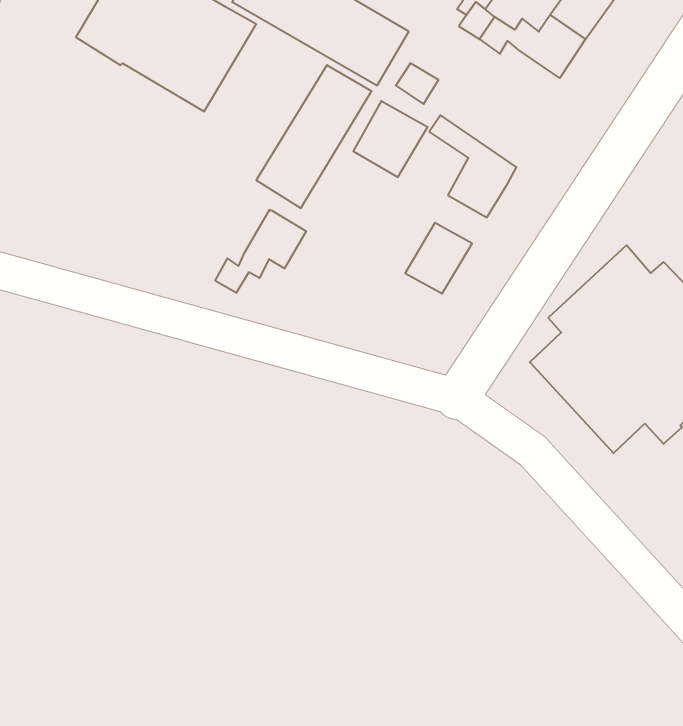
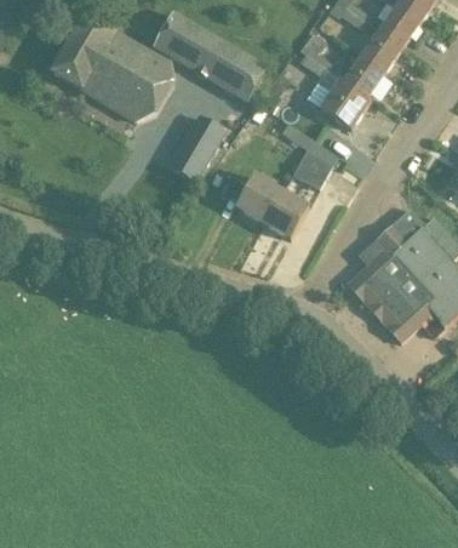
building: none -> [319,80,370,130]
building: [353,101,428,177] -> [236,176,285,226]
building: [215,210,306,293] -> none

